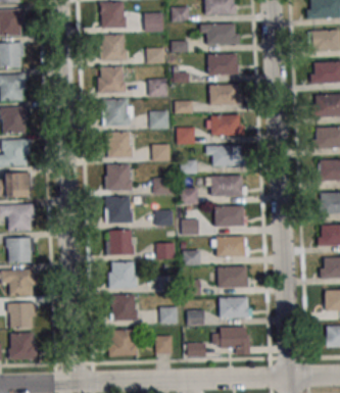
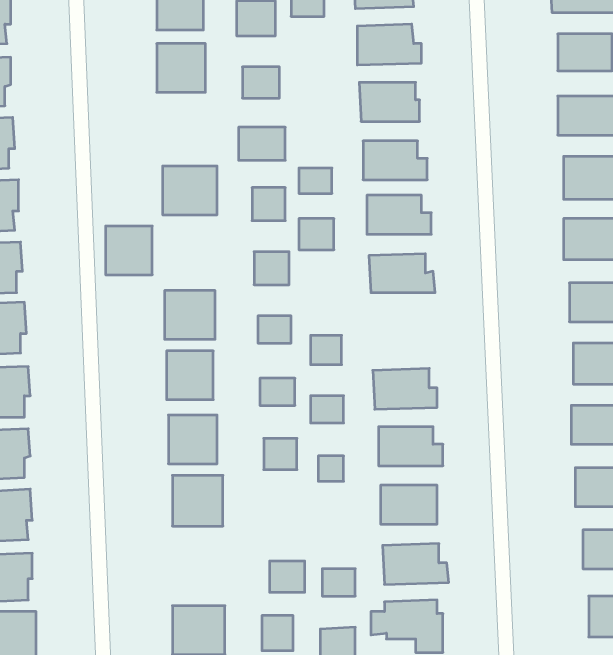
building: [98,66,126,93] -> none
building: [106,132,131,157] -> [106,226,152,275]
building: [212,176,247,196] -> none
building: [111,293,135,320] -> none

